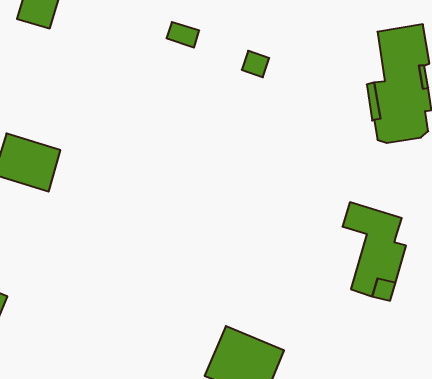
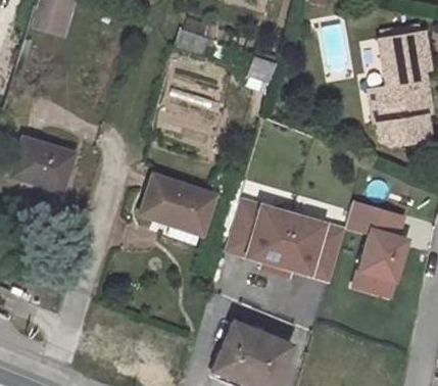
building: none -> [139,173,214,234]
building: none -> [224,197,344,280]

